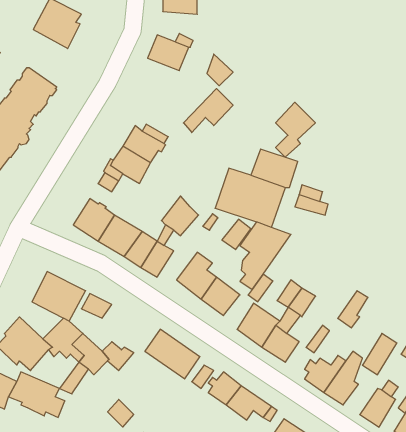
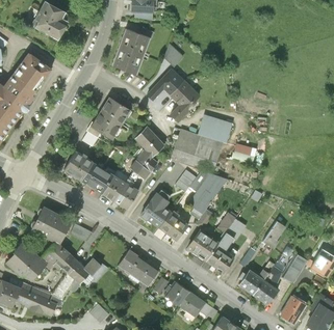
building: none -> [112,46,143,73]
building: [276,102,315,157] -> [169,81,199,122]
building: none -> [133,127,164,158]

